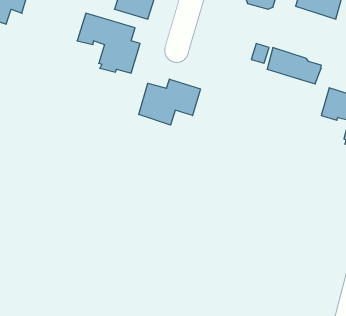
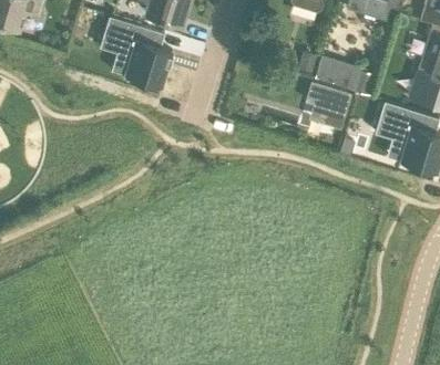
building: none -> [306,83,350,129]
building: [139,79,201,125] -> none

